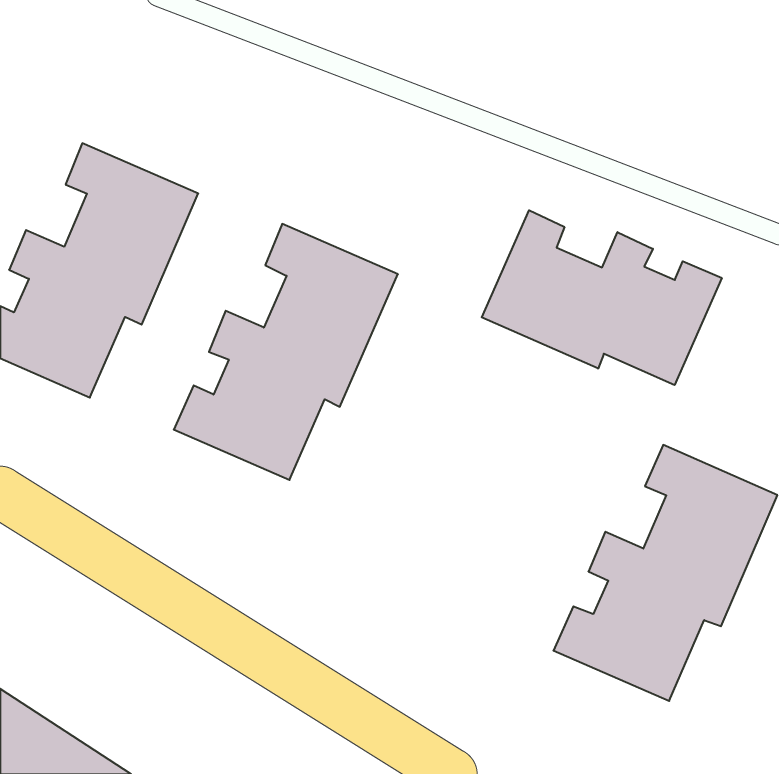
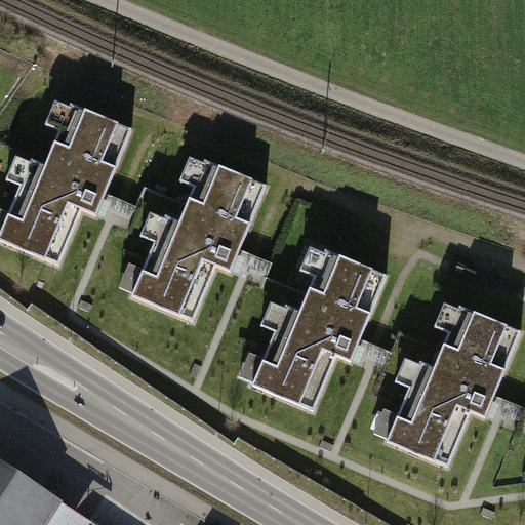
building: [482,210,722,385] -> none
building: none -> [236,239,386,410]

